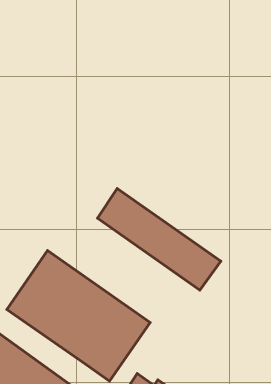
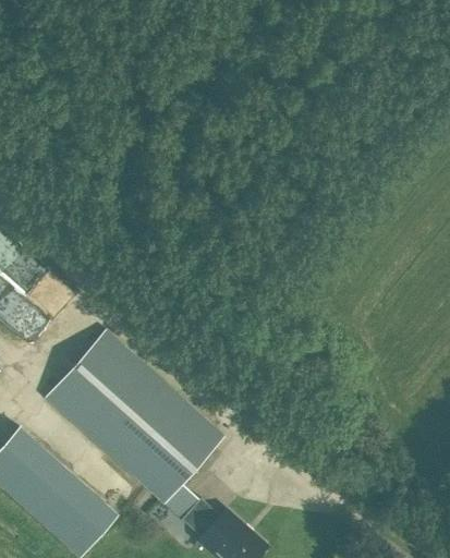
building: [97,188,221,290] -> none

